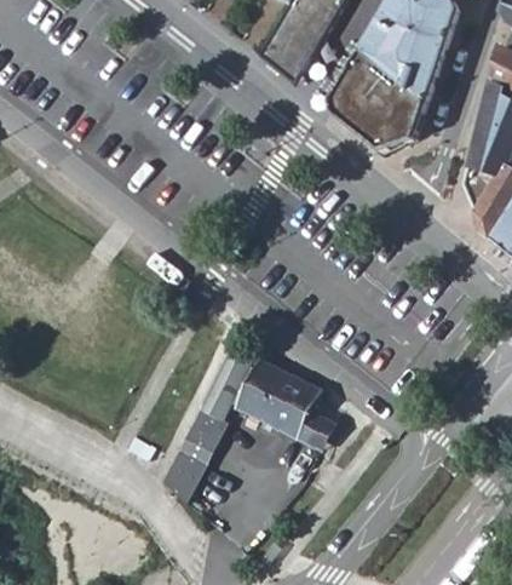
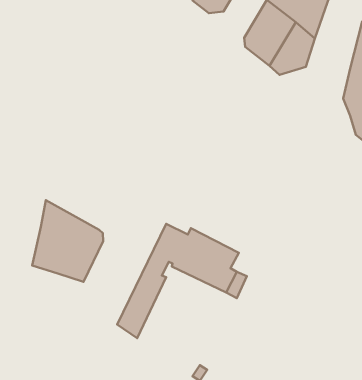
building: none -> [32,200,103,282]

